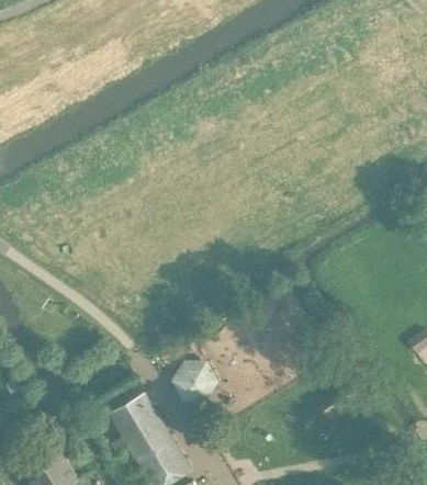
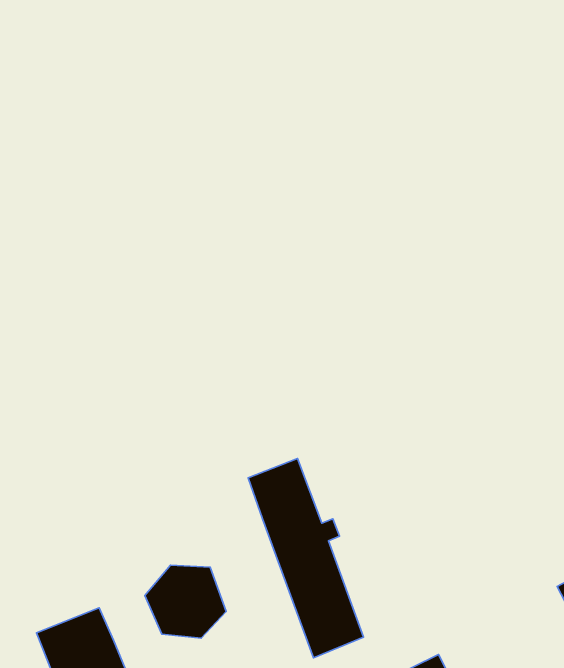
building: none -> [248,459,364,658]

